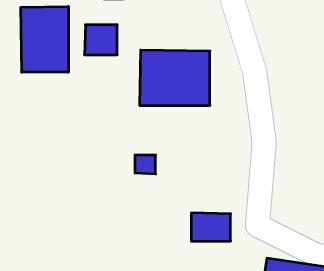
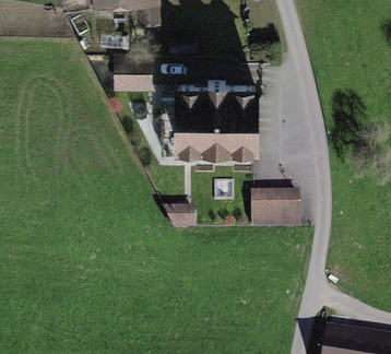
building: [21,6,68,72] -> none
building: [191,213,231,241] -> [251,194,297,227]

